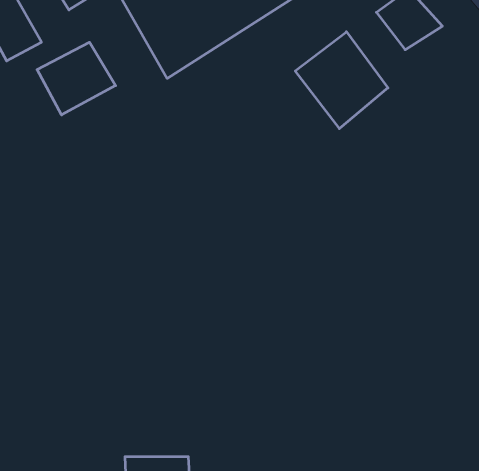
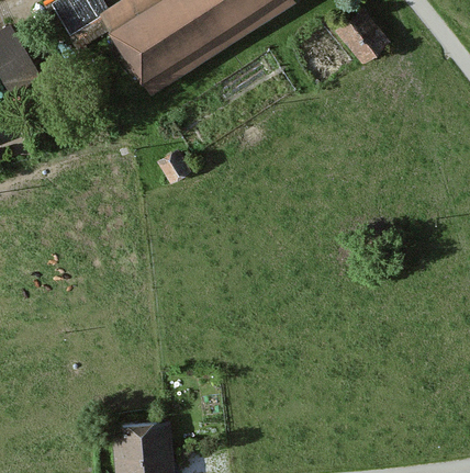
building: [295,32,388,129] -> none
building: [37,42,116,115] -> none

